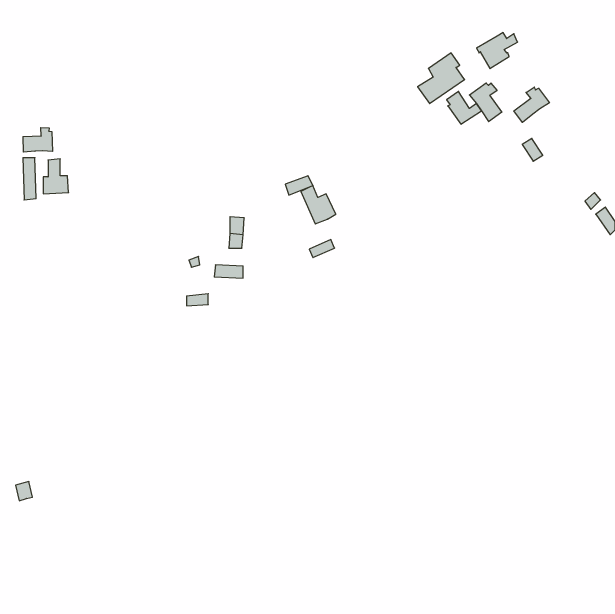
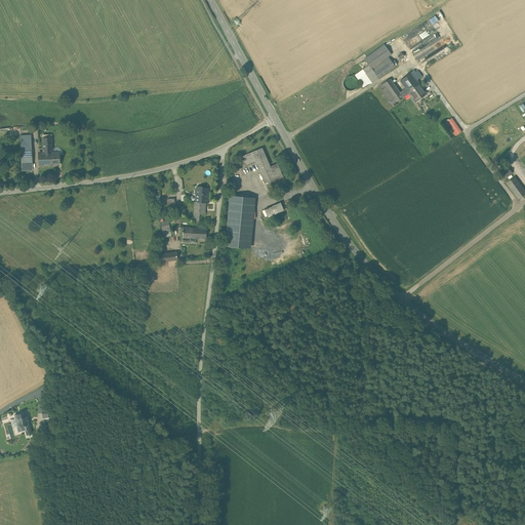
building: [514,87,549,122] -> none
building: [23,128,52,152] -> none
building: none -> [226,193,255,246]

